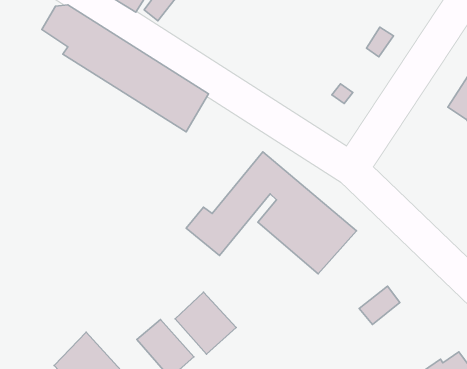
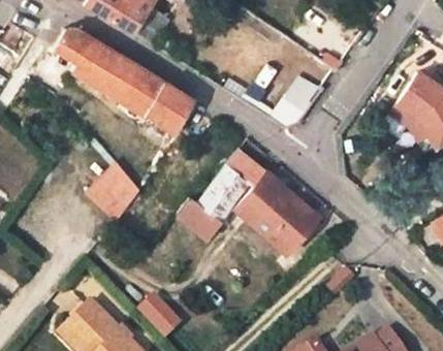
building: none -> [90,163,141,224]
building: [175,292,236,354] -> none

